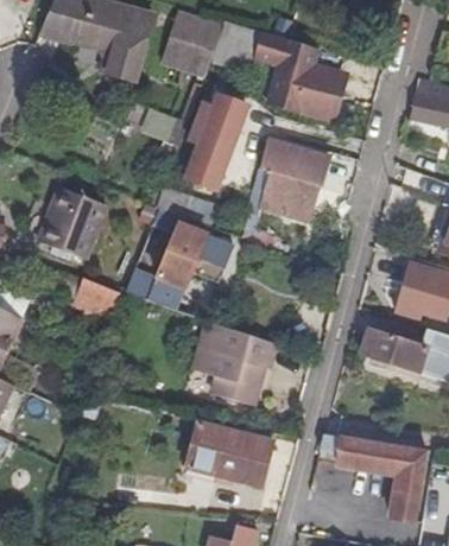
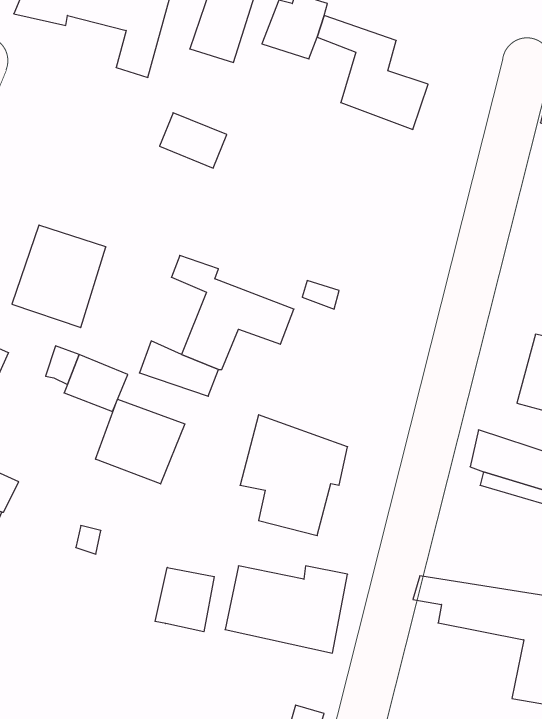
building: [186,94,245,174] -> none
building: [258,148,337,221] -> none
building: none -> [96,399,185,484]
building: none -> [155,567,214,632]

